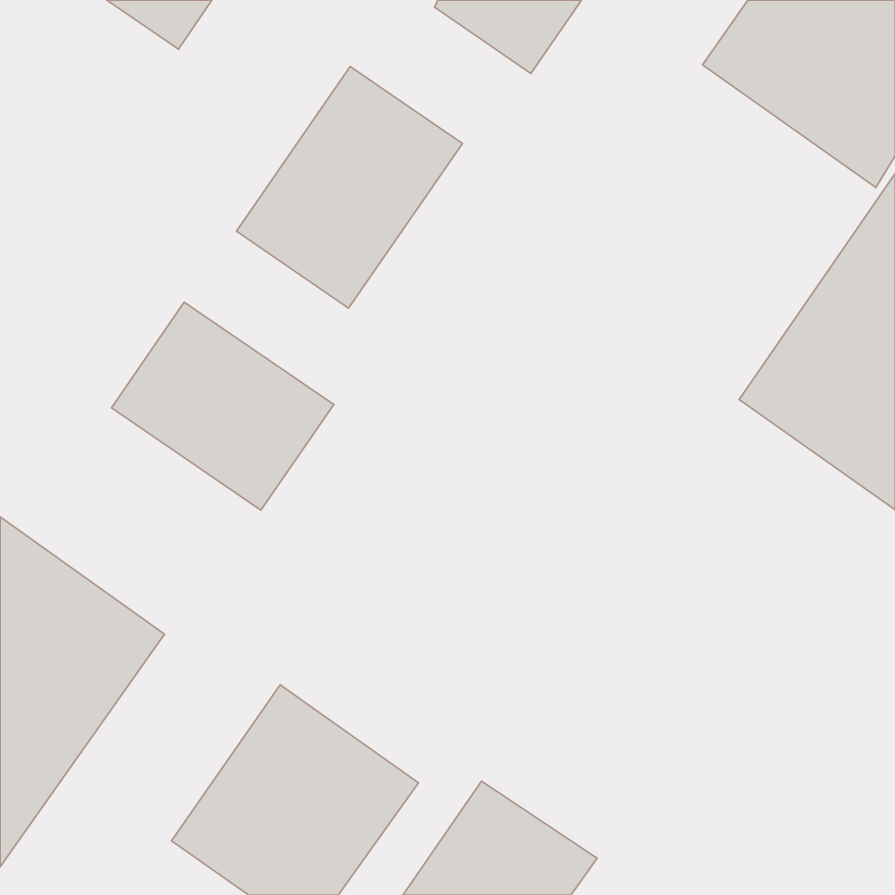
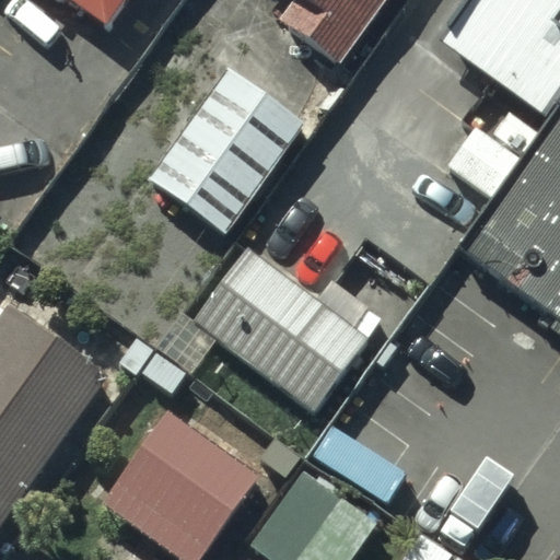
building: [112,302,334,510] -> none
building: none -> [188,224,360,382]

